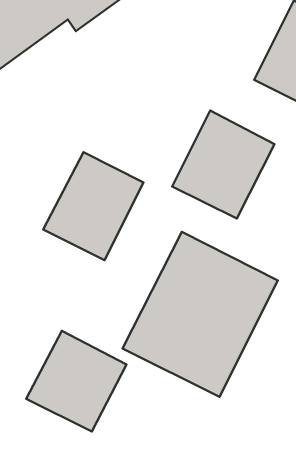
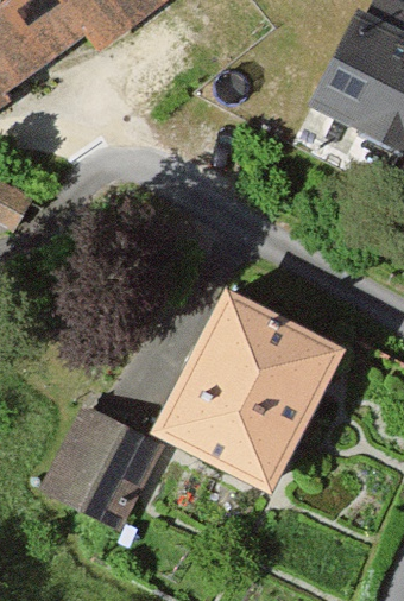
building: [172,111,275,219] -> none
building: [43,152,143,260] -> none

